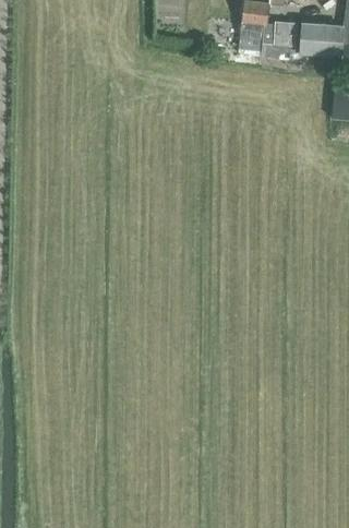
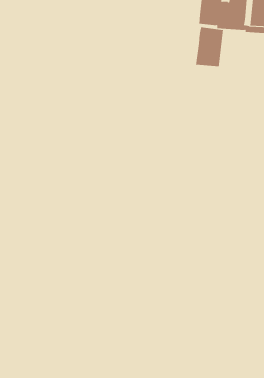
building: none -> [195,27,224,67]

